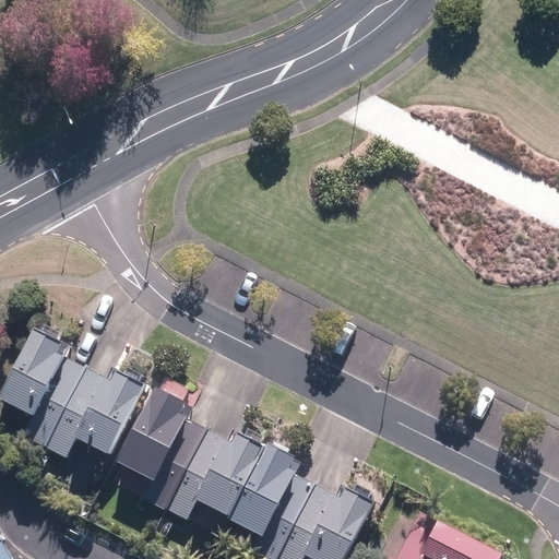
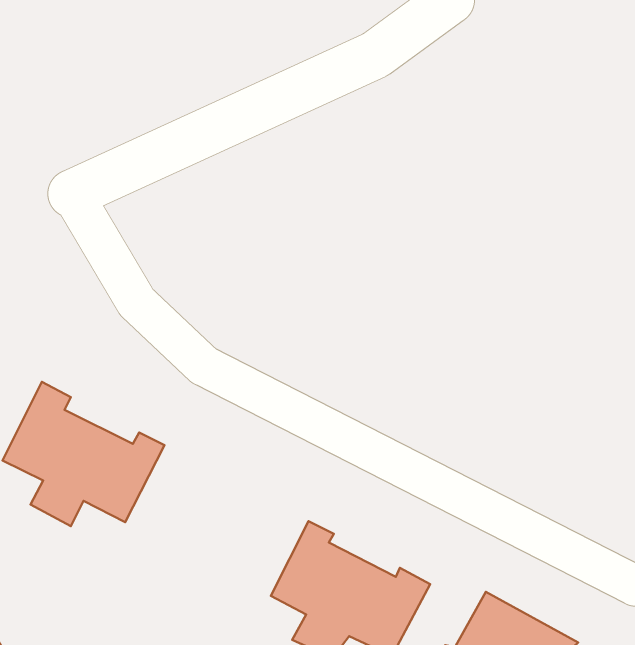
building: [123,392,264,516] -> none

